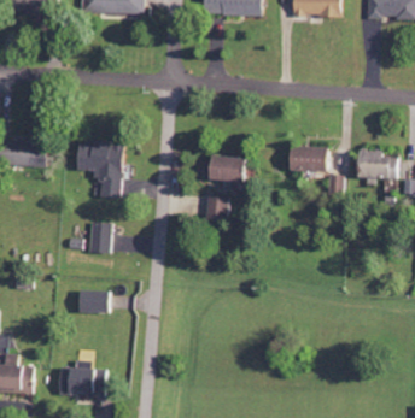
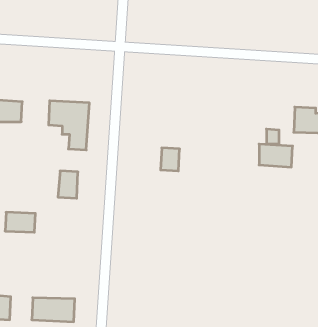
building: [293,146,332,172] -> [259,144,293,167]
building: [210,157,249,182] -> none
building: [76,290,111,313] -> [5,212,35,232]

